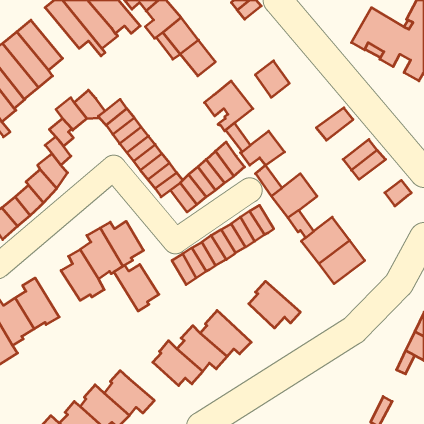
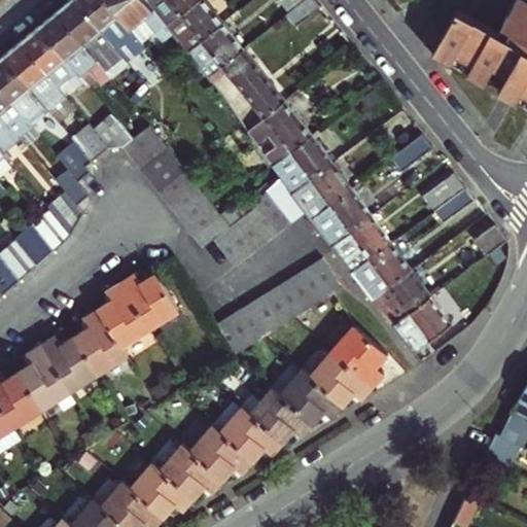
building: none -> [38,12,112,87]
building: [255,61,289,97] -> [289,137,331,182]
building: none -> [244,79,285,120]
building: none -> [327,190,371,235]
building: none -> [368,245,410,288]
building: none -> [327,326,389,388]
building: [114,264,159,311] -> [43,337,99,394]
building: none -> [278,370,339,425]
building: none -> [159,442,220,497]

